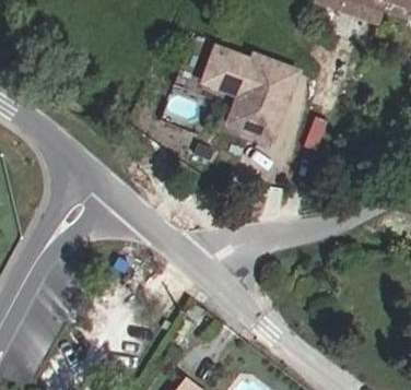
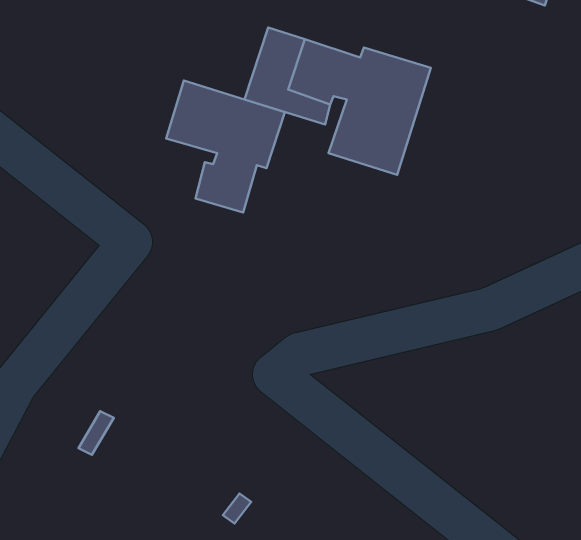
building: none -> [166,81,285,212]

